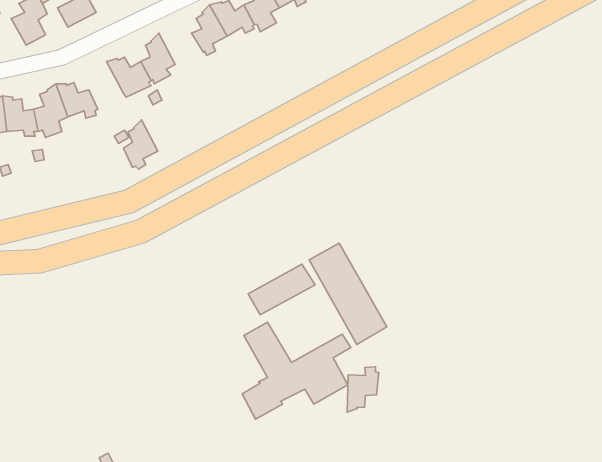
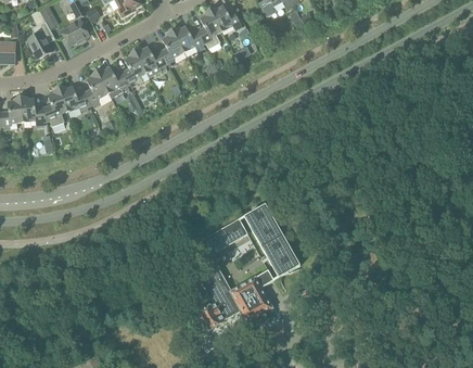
building: none -> [135,46,167,76]
building: [124,120,158,169] -> [84,69,108,105]
building: [347,367,379,412] -> none

